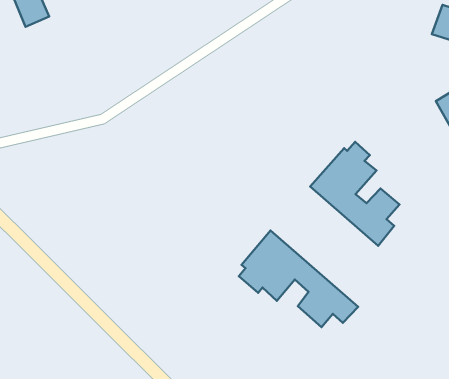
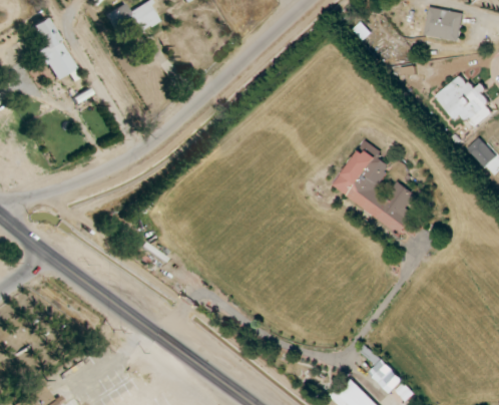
building: [239,230,358,327] -> none

